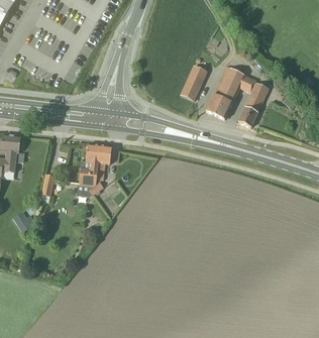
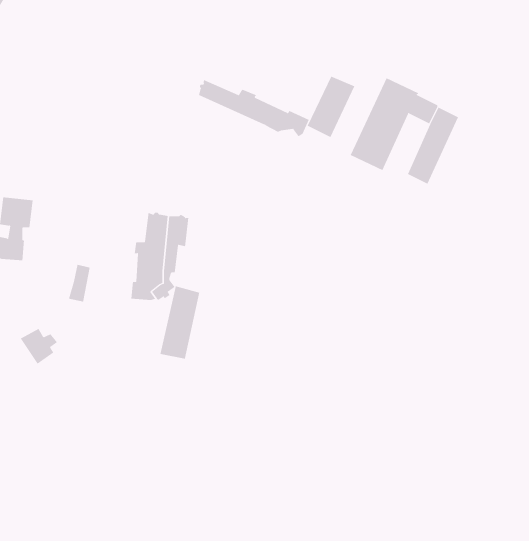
building: none -> [199,79,310,137]
building: none -> [160,285,200,359]

